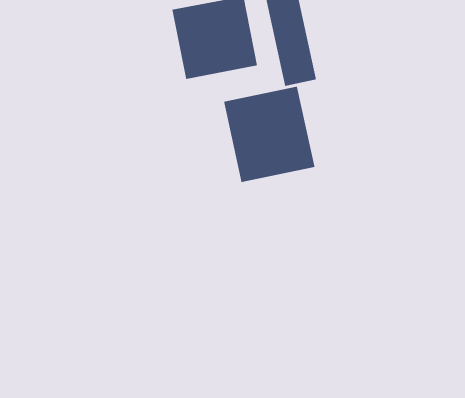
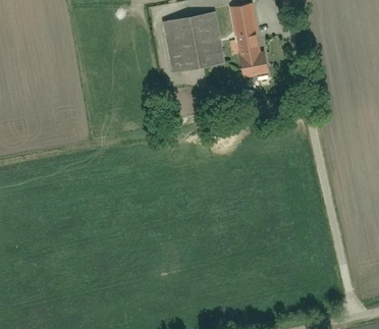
building: [224,86,315,183] -> none

